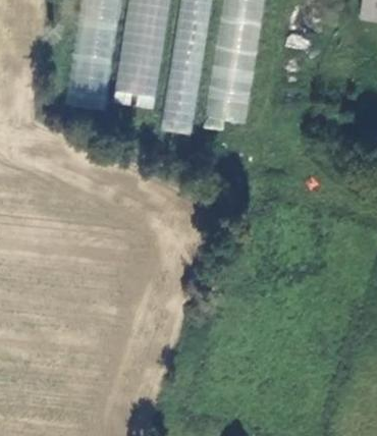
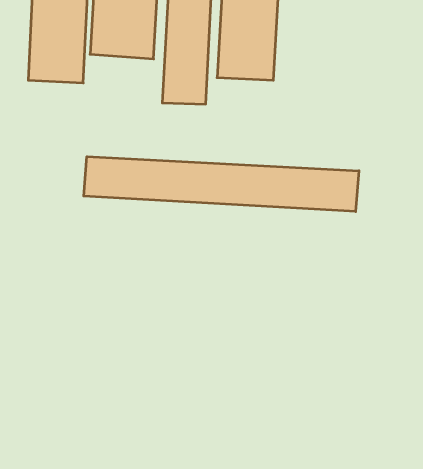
building: none -> [84,157,359,212]

